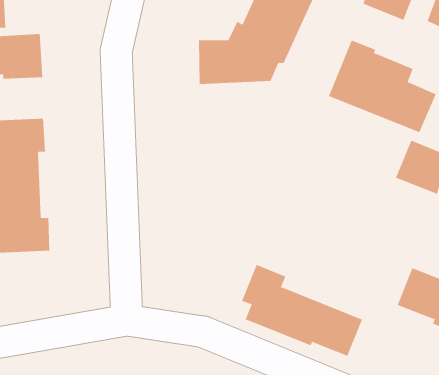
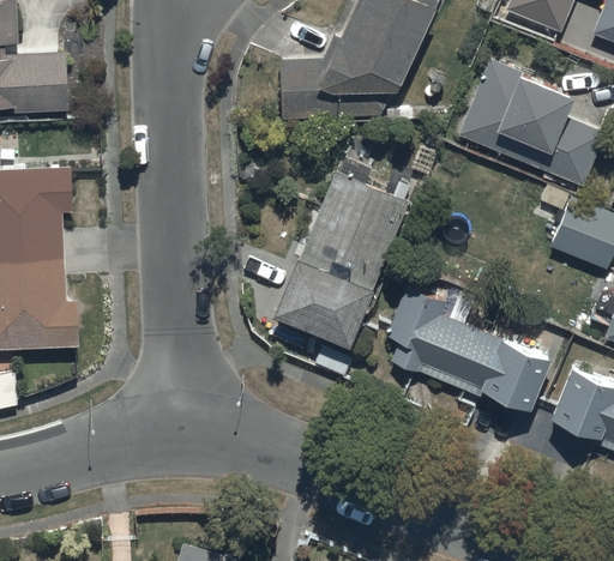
building: none -> [275,170,411,348]
building: [241,264,363,356] -> [386,285,552,411]

